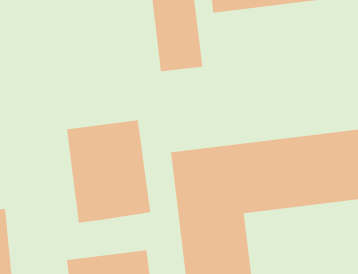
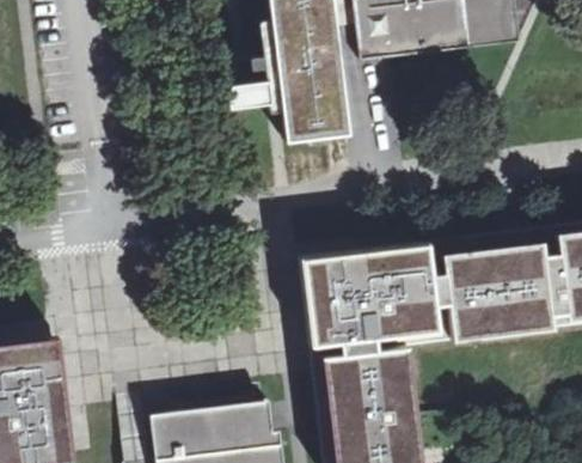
building: [66,119,151,223] -> none

